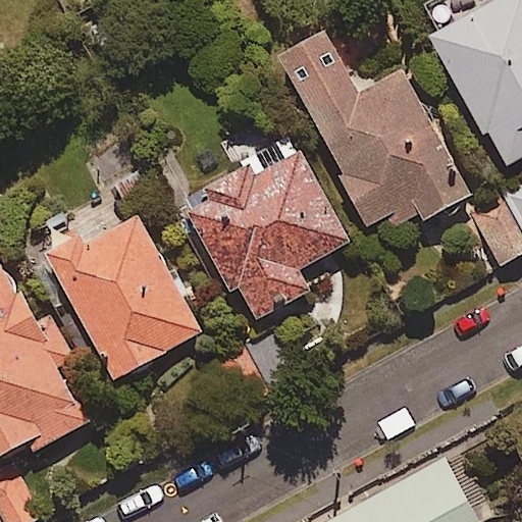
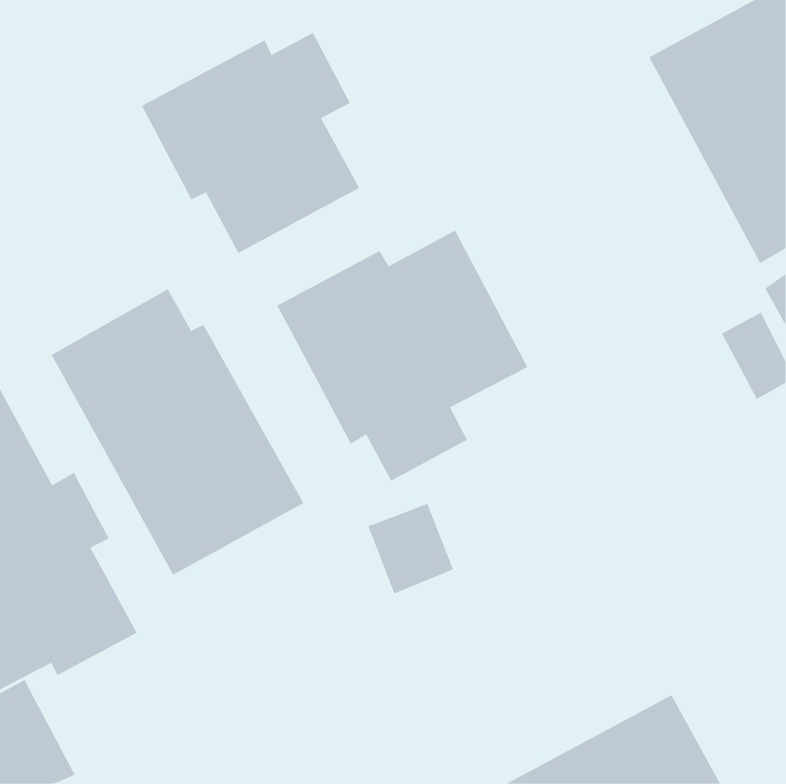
building: none -> [141,32,360,254]
building: [278,32,472,232] -> none

